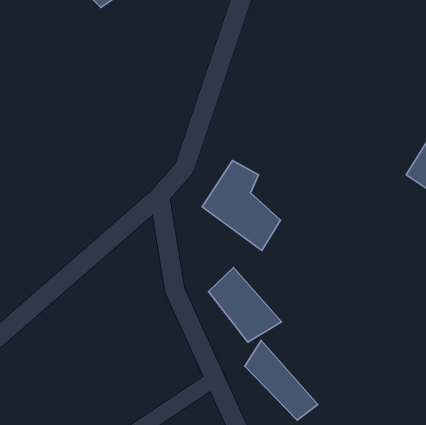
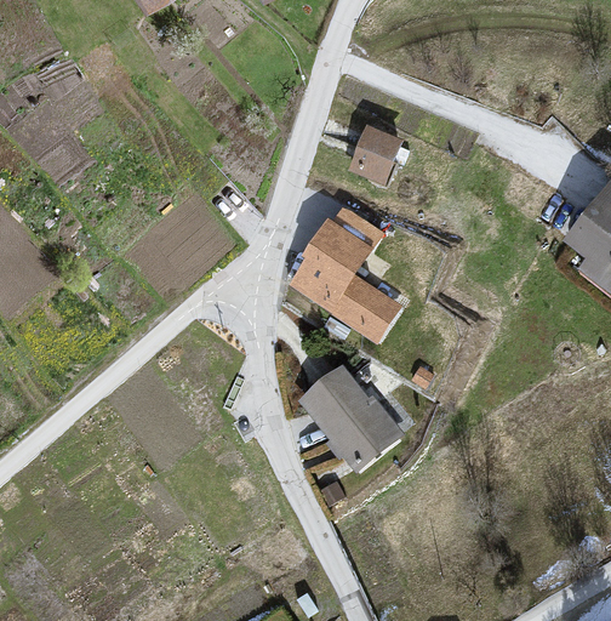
building: none -> [352,123,406,180]
building: [245,340,318,420] -> none

